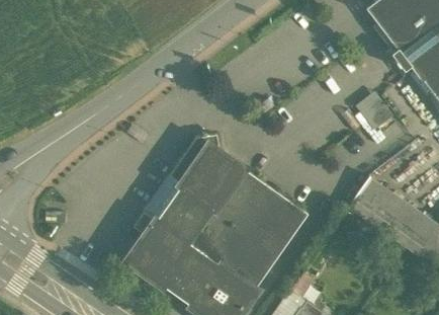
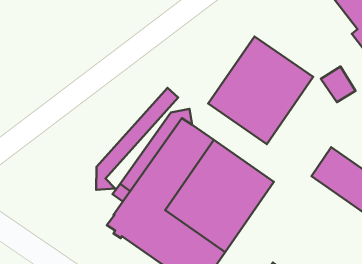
building: none -> [208,36,313,144]
building: none -> [96,88,178,190]

